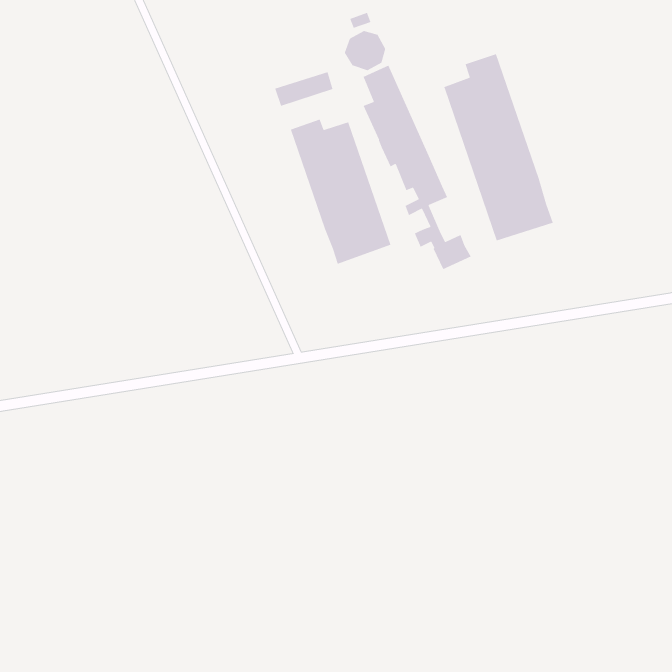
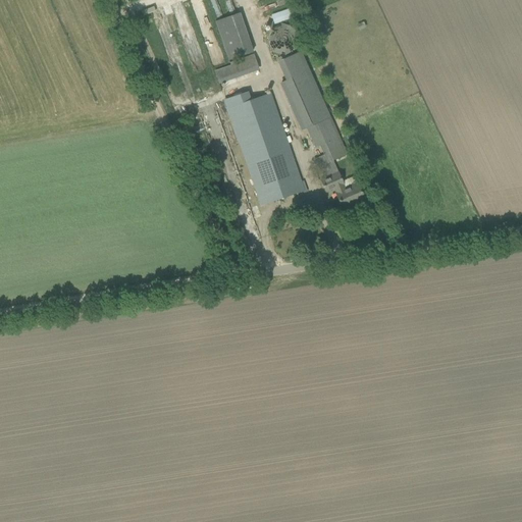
building: none -> [215,11,252,58]
building: [443,53,554,241] -> none

